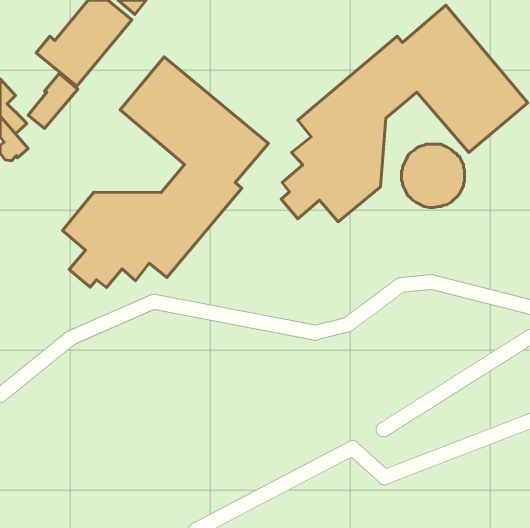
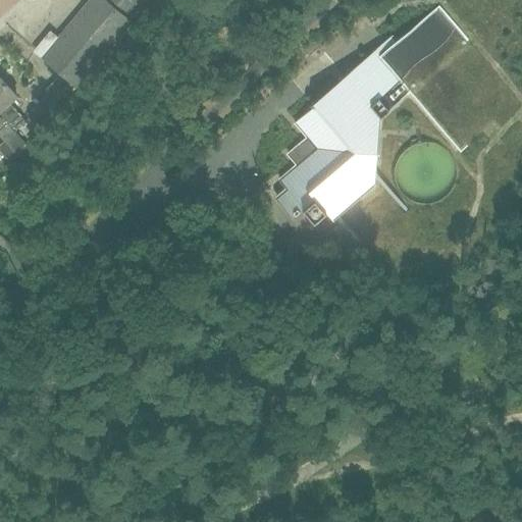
building: [62,57,268,288] -> none

